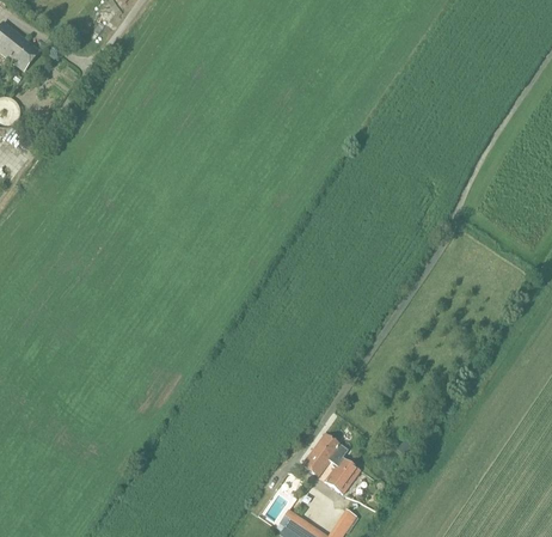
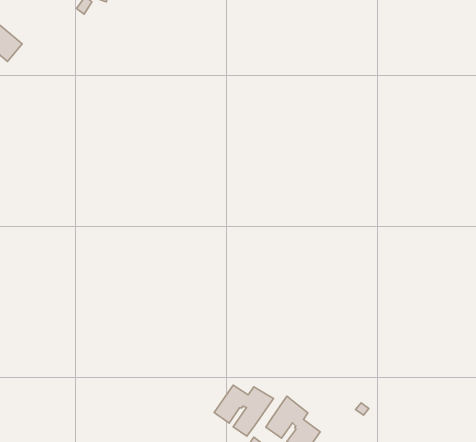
building: none -> [214,385,274,436]

